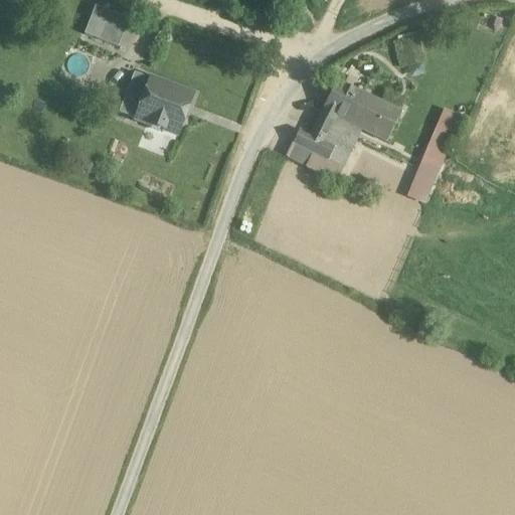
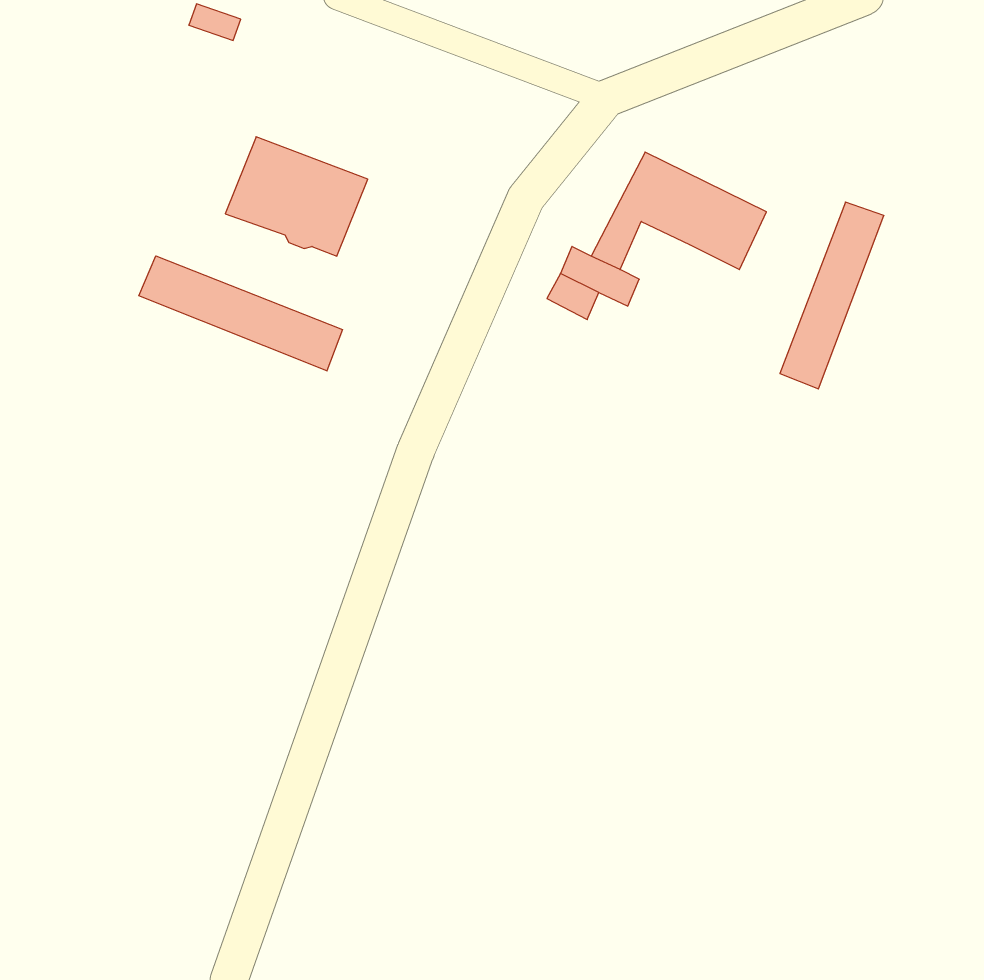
building: [93,13,130,41] -> none
building: [324,116,360,166] -> none
building: none -> [139,256,342,371]

